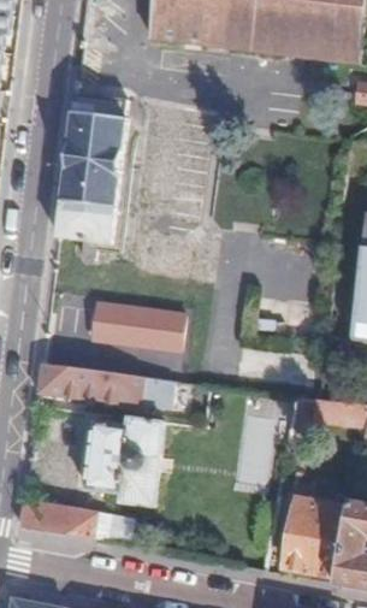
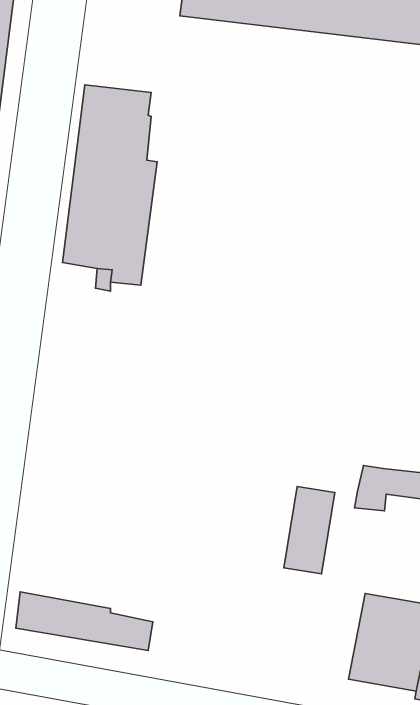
building: [90,305,185,350] -> none
building: [34,365,172,408] -> none
building: [83,419,164,507] -> none

